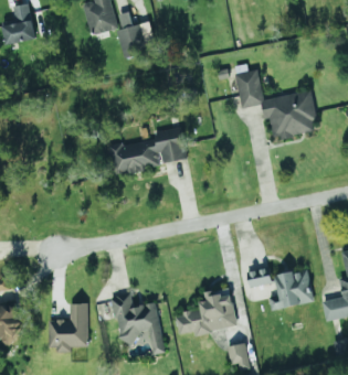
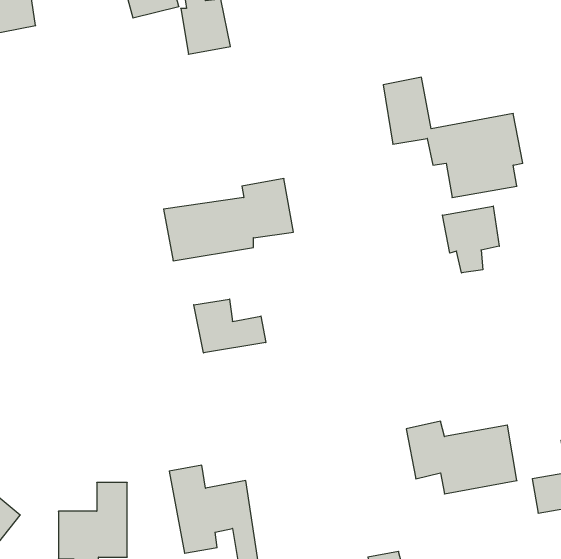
building: none -> [442,206,499,273]
building: none -> [194,299,266,353]
building: [176,292,236,334] -> none

